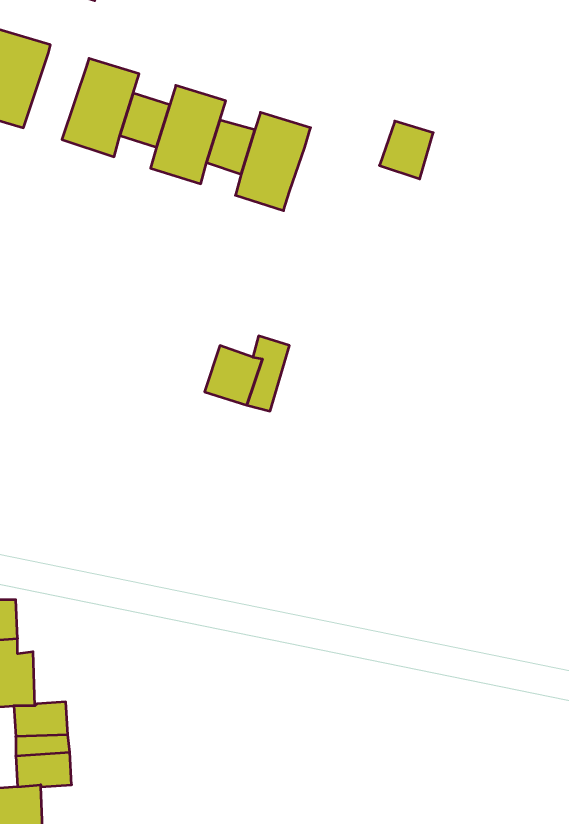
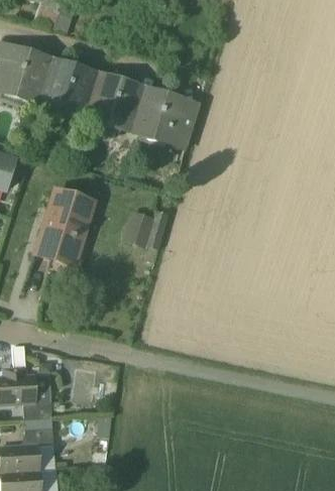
building: none -> [29,58,63,104]
building: [379,121,433,179] -> [169,108,197,138]
building: none -> [36,189,94,262]

